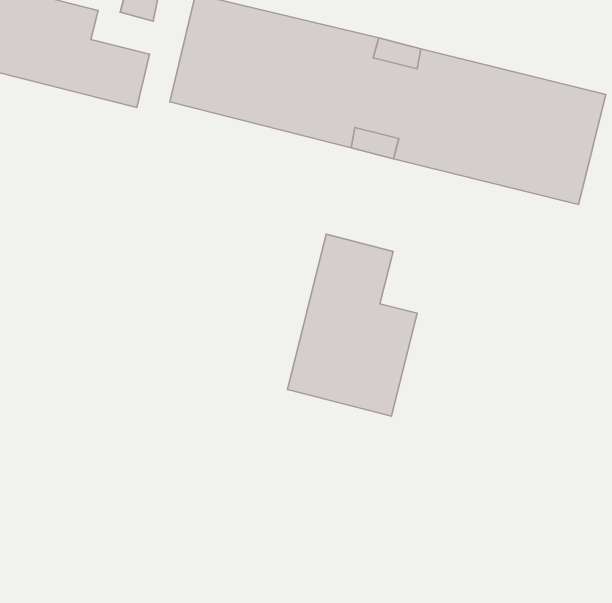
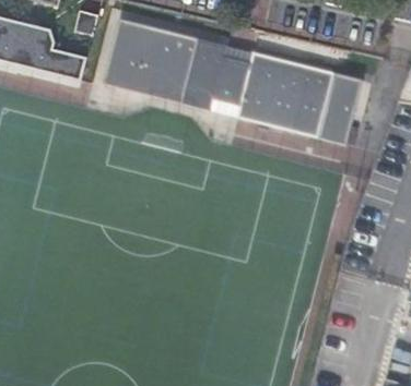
building: [287,234,417,416] -> none

